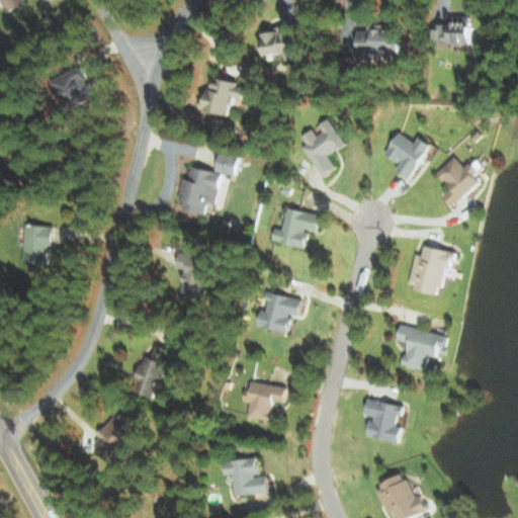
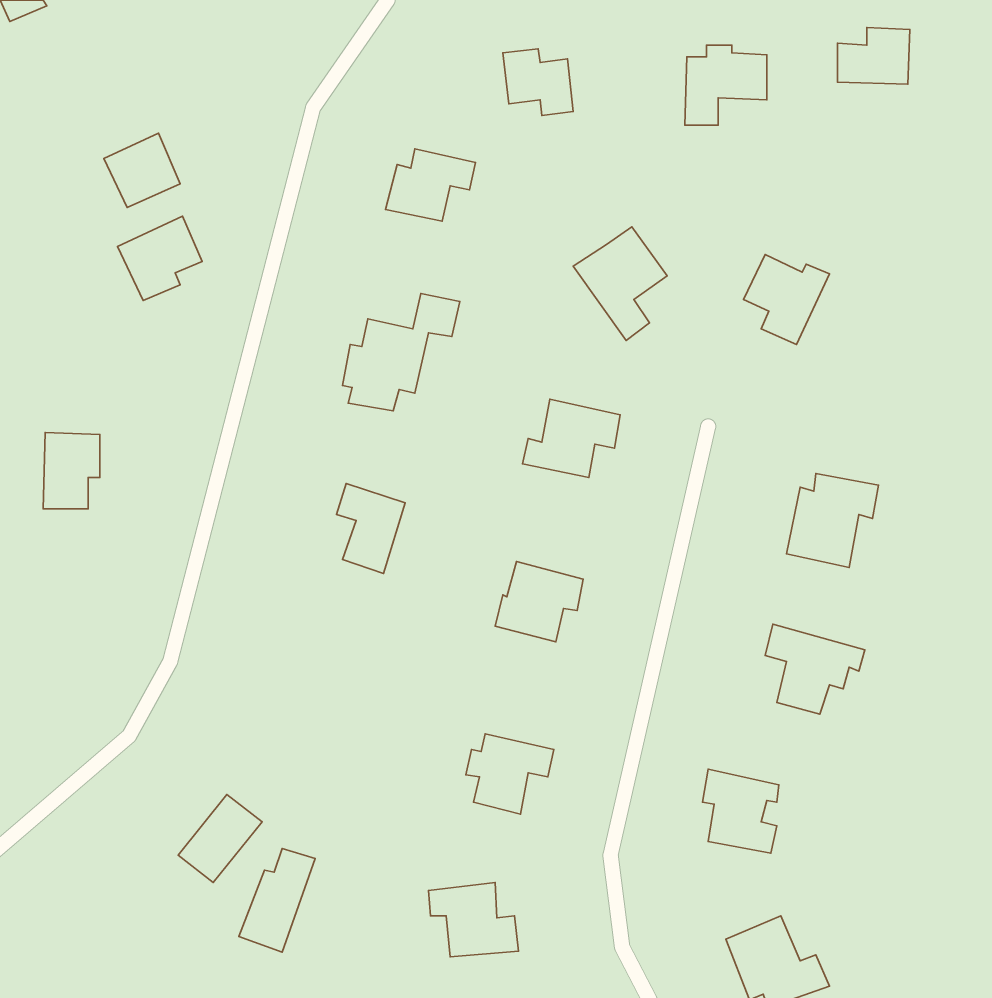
building: none -> [117,216,202,301]
building: [435,155,480,206] -> none
building: [131,345,170,399] -> [239,849,315,952]

